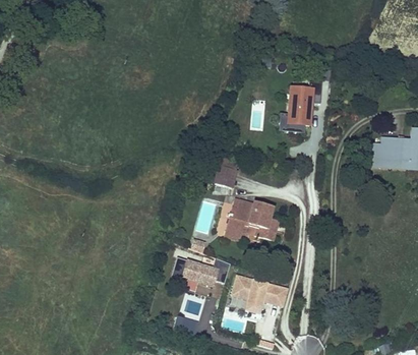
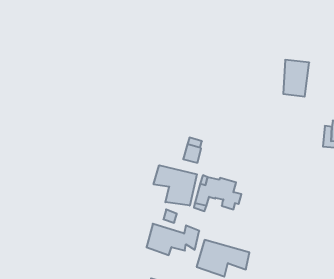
building: [288,82,317,124] -> [283,60,309,97]
building: none -> [154,165,197,206]

